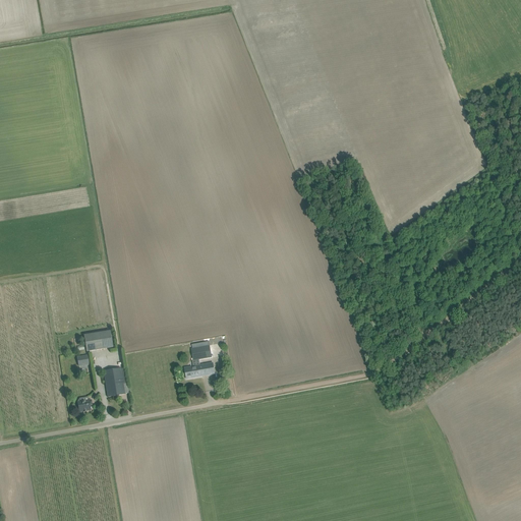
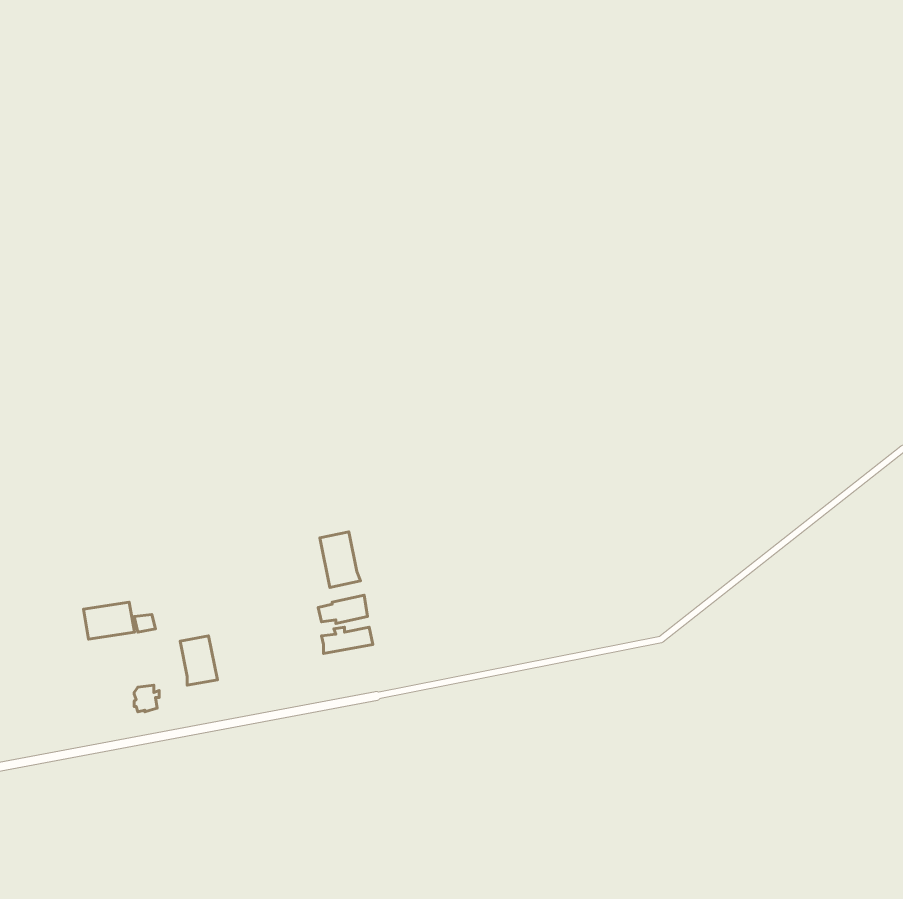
building: none -> [320,532,360,588]
building: [83,329,113,350] -> [83,602,135,639]

